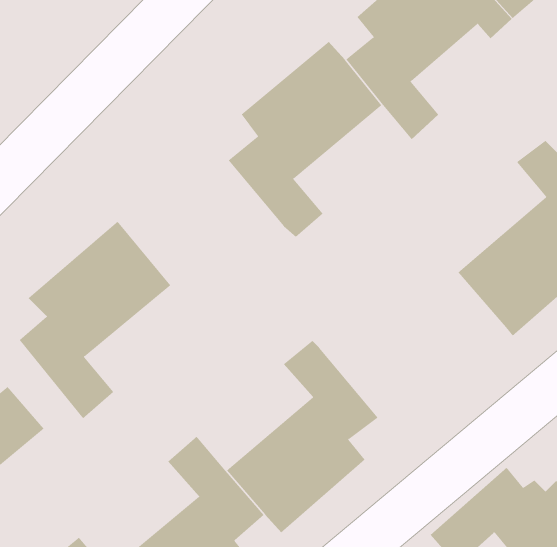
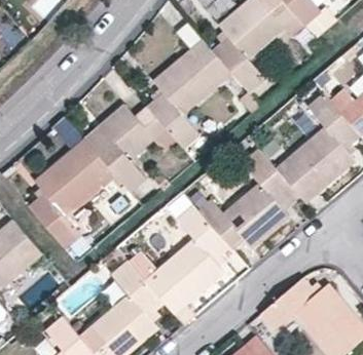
building: none -> [83,105,176,194]
building: none -> [196,150,300,248]

